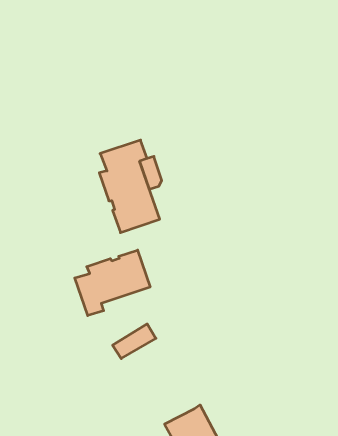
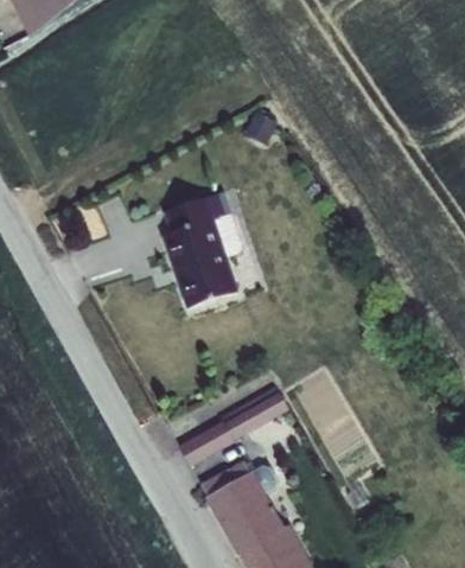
building: [75,250,150,316] -> none
building: none -> [205,460,282,549]

